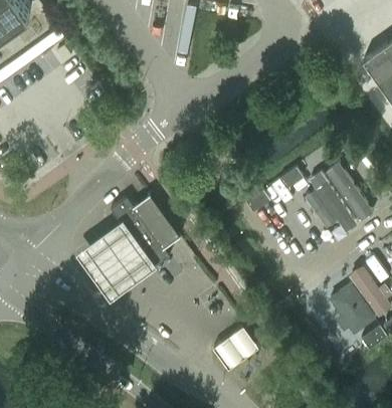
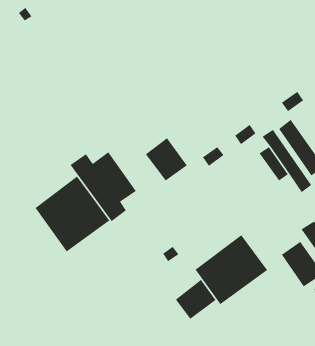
building: none -> [145,137,188,182]
building: none -> [195,234,268,305]

